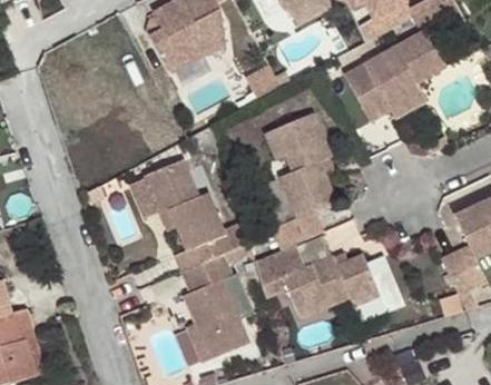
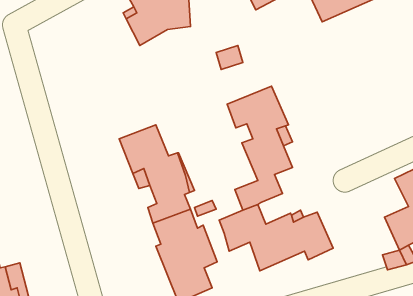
building: [342,30,446,122] -> none

